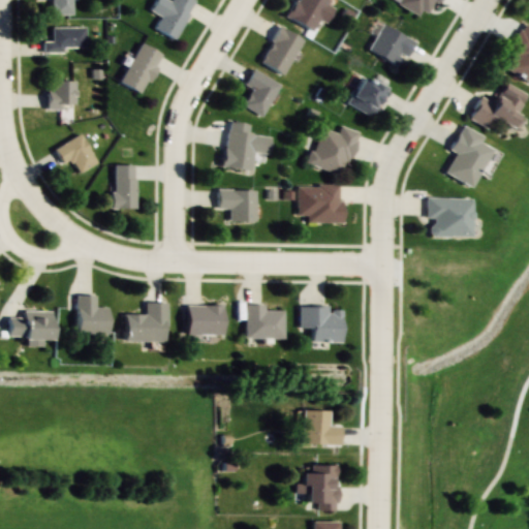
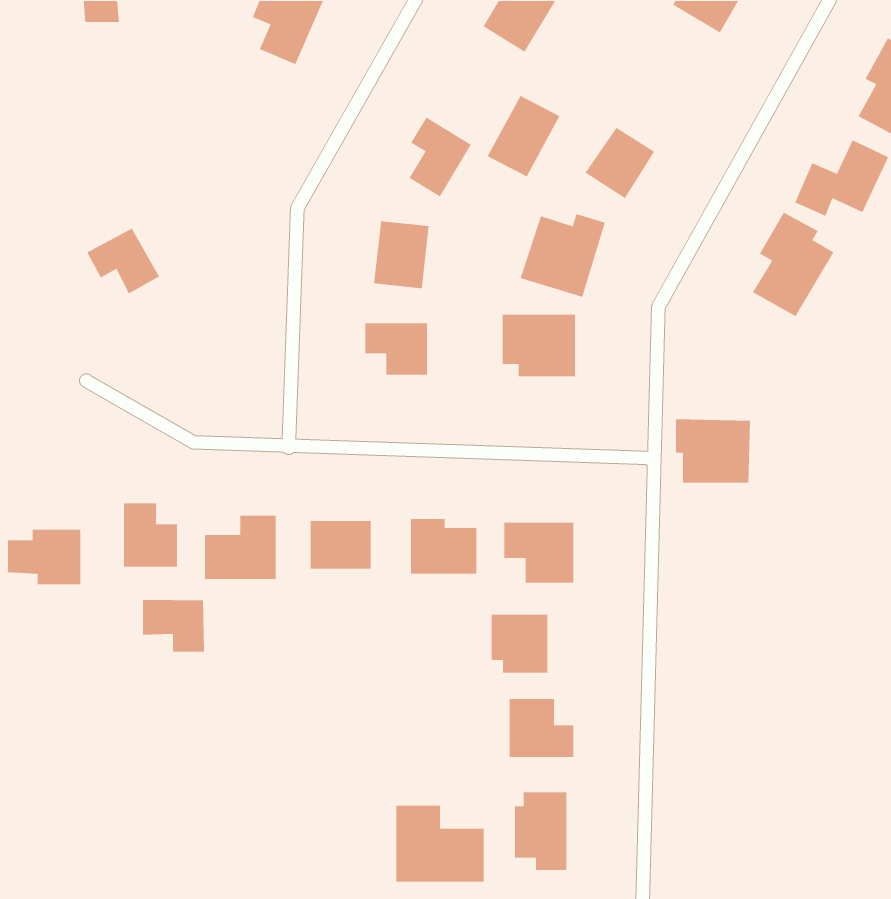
building: [371,24,416,68] -> none
building: [44,27,89,51] -> none
building: [261,27,305,75] -> [487,95,561,178]
building: [121,43,164,94] -> none
building: [50,81,75,111] -> none
building: [115,165,137,209] -> none
building: [428,197,472,236] -> [675,418,751,484]
building: none -> [142,599,205,653]
building: none -> [491,614,548,673]
building: none -> [395,805,484,882]

